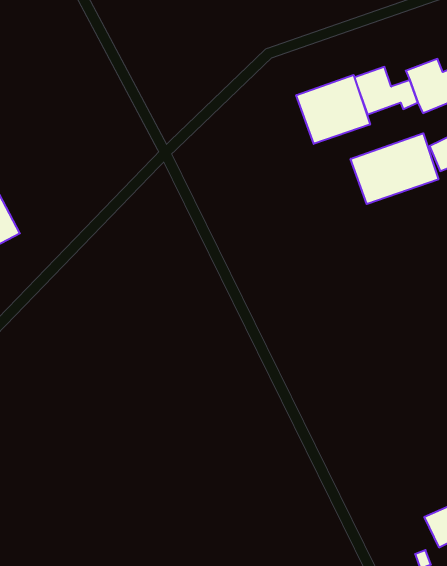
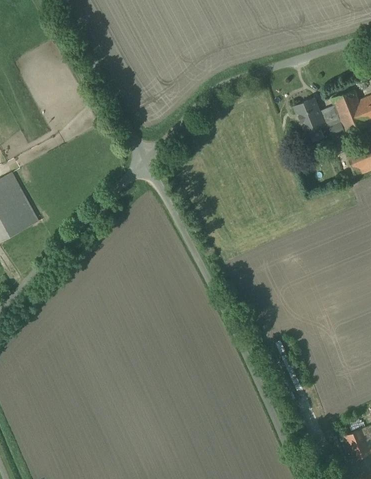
building: [296,75,370,144] -> none
building: [351,133,438,204] -> none

